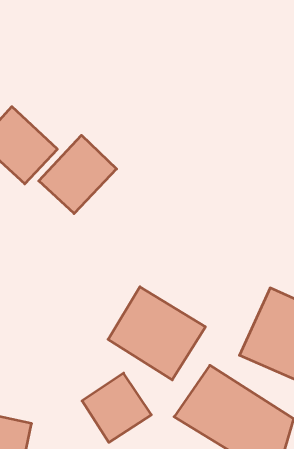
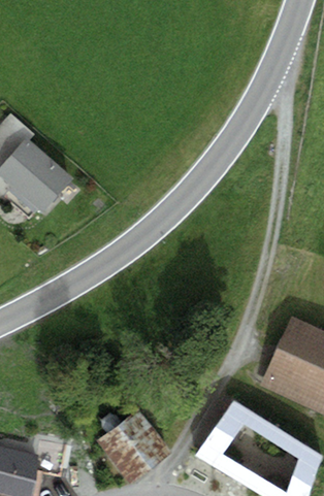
building: [39,135,117,214] -> none
building: [108,287,205,380] -> none

